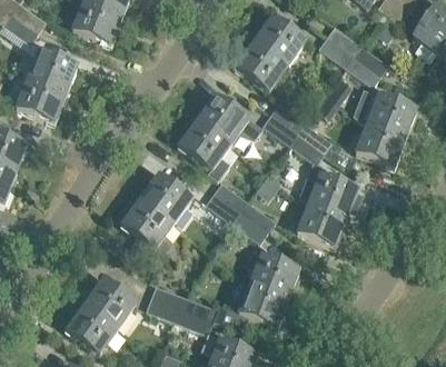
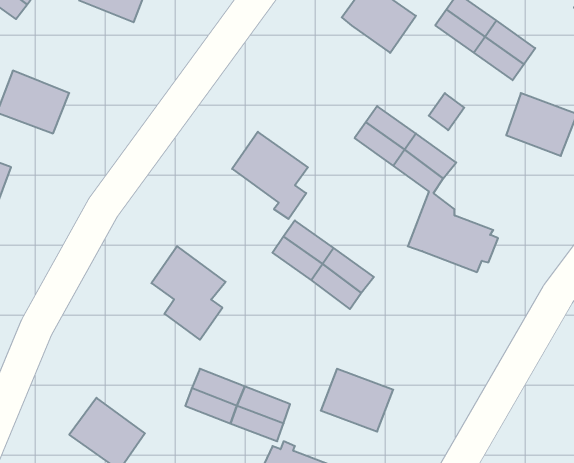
building: [236,41,287,91] -> none
building: [27,50,77,93] -> none
building: [196,96,257,145] -> none
building: [356,122,405,166] -> none
building: [140,175,191,224] -> none
building: [298,202,347,246] -> none
building: [249,252,299,298] -> none
building: [85,279,136,328] -> none

